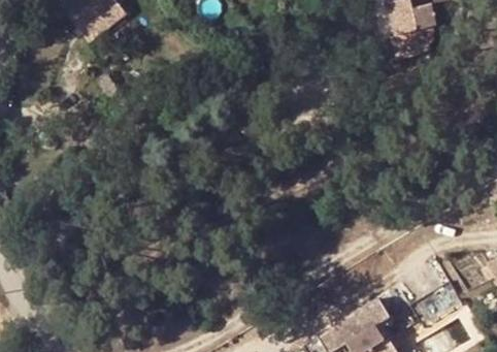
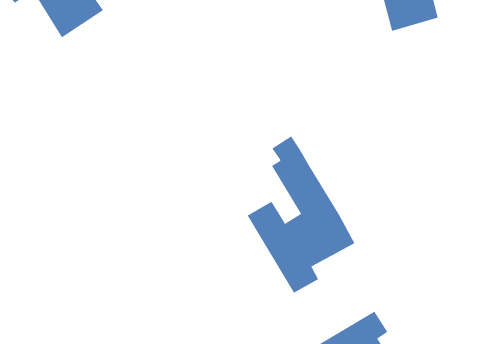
building: none -> [247,135,355,294]

